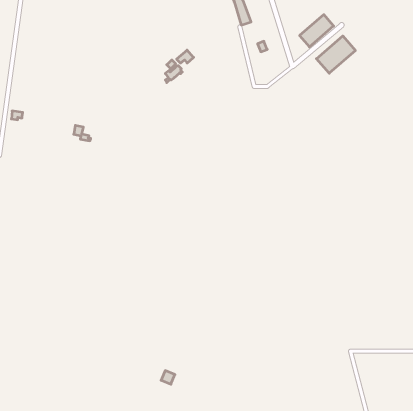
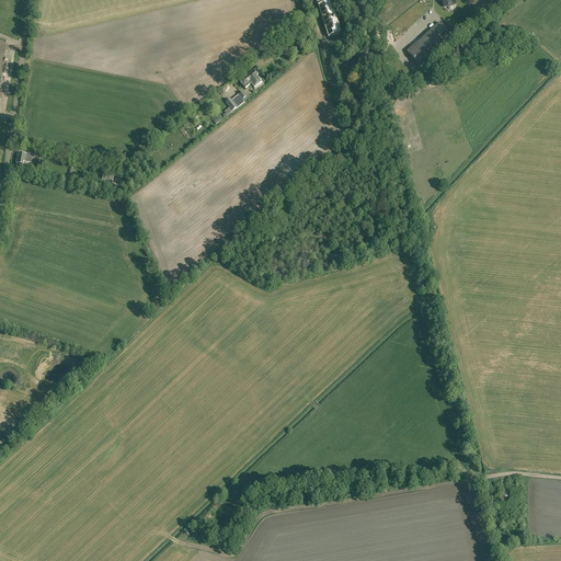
building: [316,36,355,73] -> none

